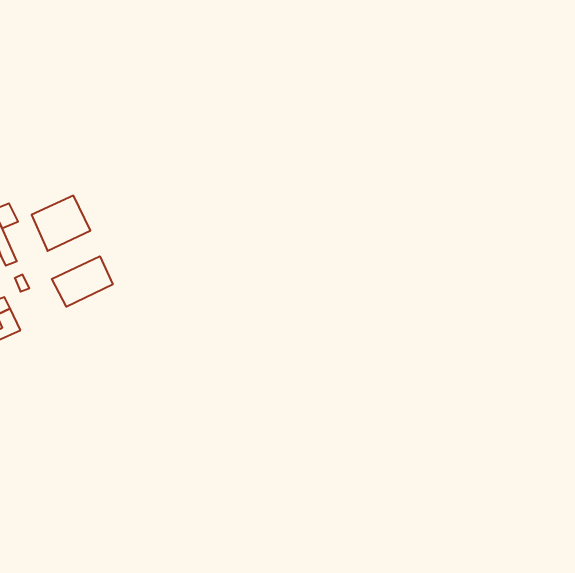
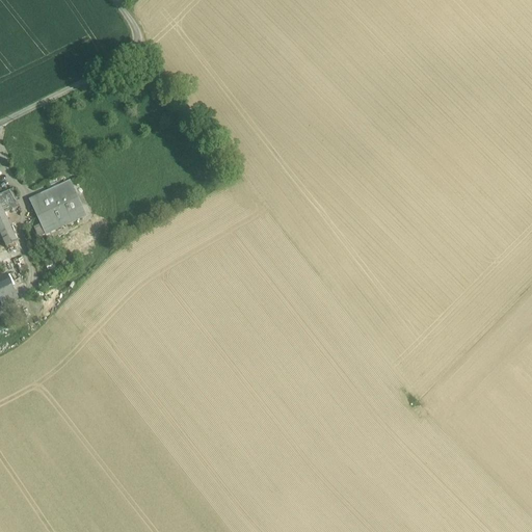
building: [52,256,113,307] -> none

